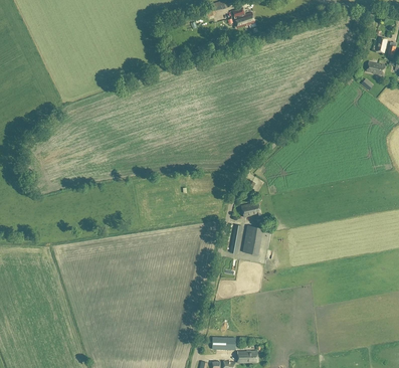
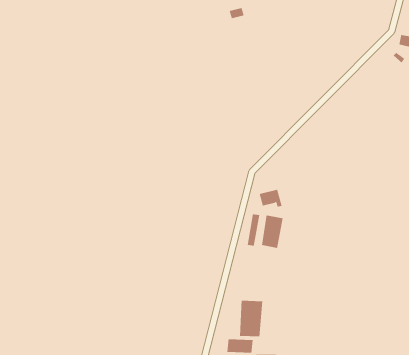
building: none -> [240,300,263,337]

